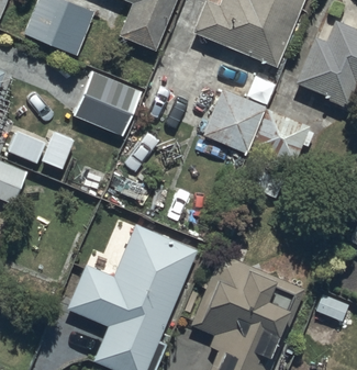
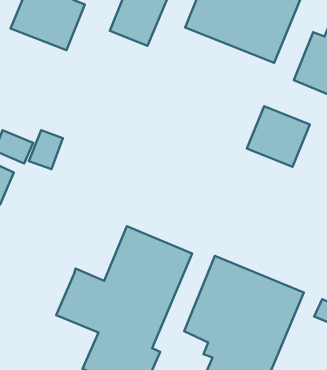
building: [72,71,141,136] -> none
building: [202,89,265,154] -> none

